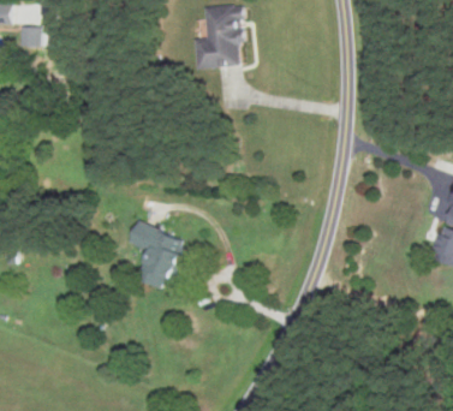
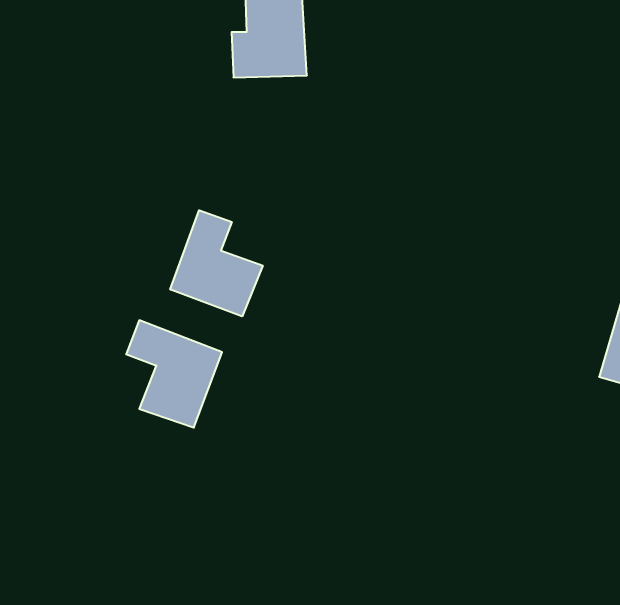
building: none -> [170,210,263,316]

